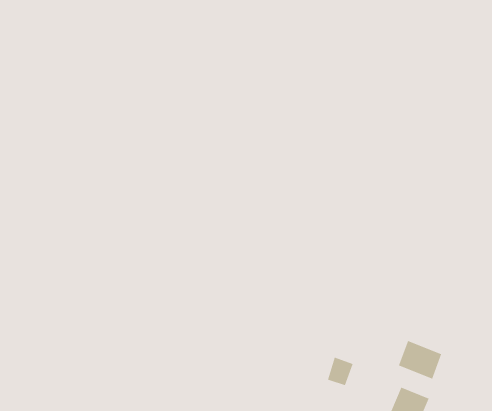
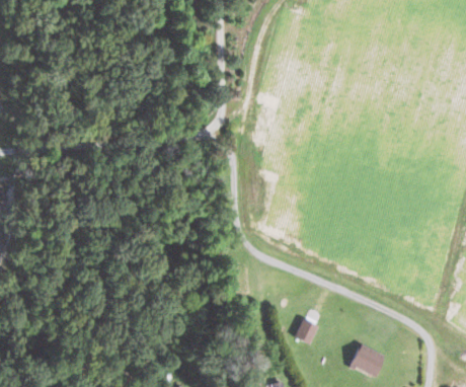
building: [398,340,442,380] -> none

